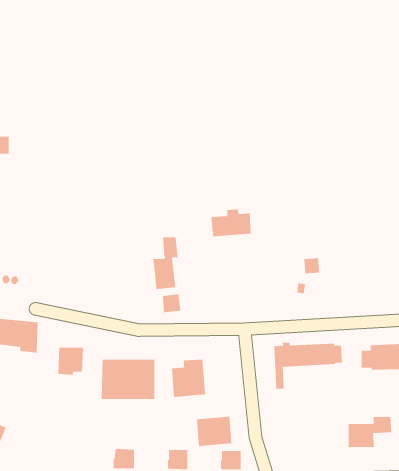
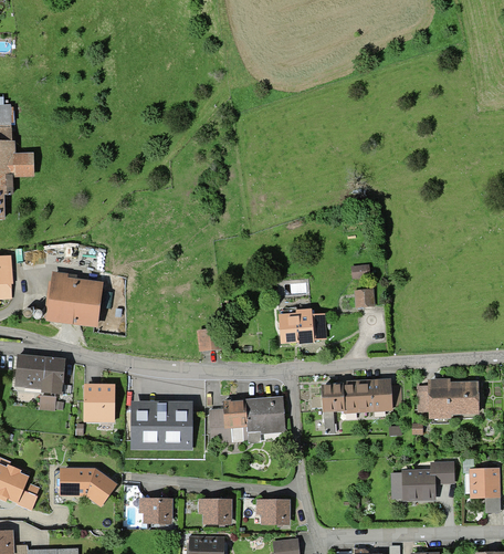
building: [210,209,252,237] -> [279,311,324,342]
building: [153,236,178,290] -> none
building: none -> [48,274,99,325]
building: [196,416,232,446] -> [244,398,284,431]
building: none -> [59,470,113,504]

